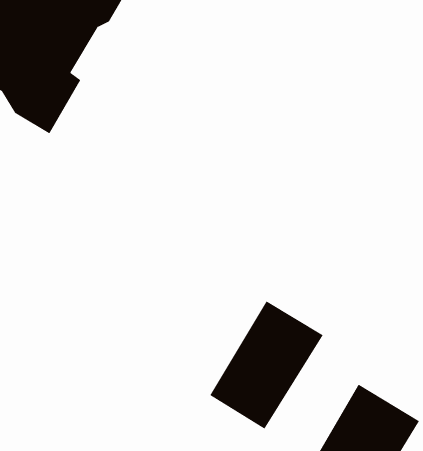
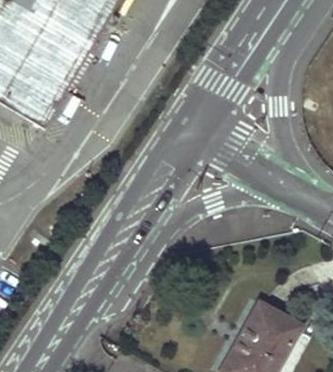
building: [209,300,323,429] -> none

